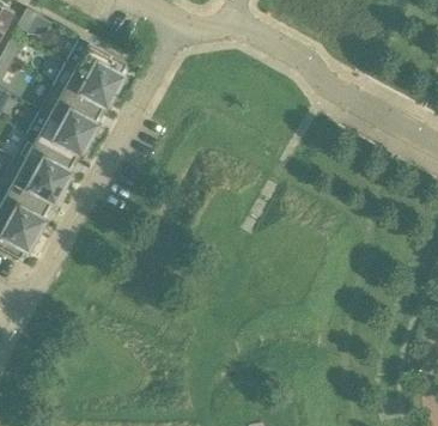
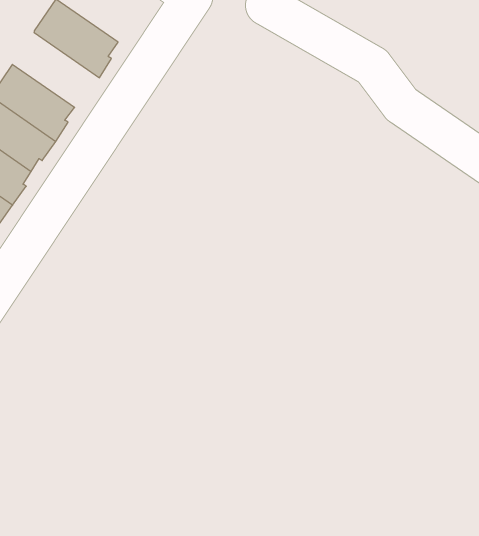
building: [54,63,116,114] -> none

